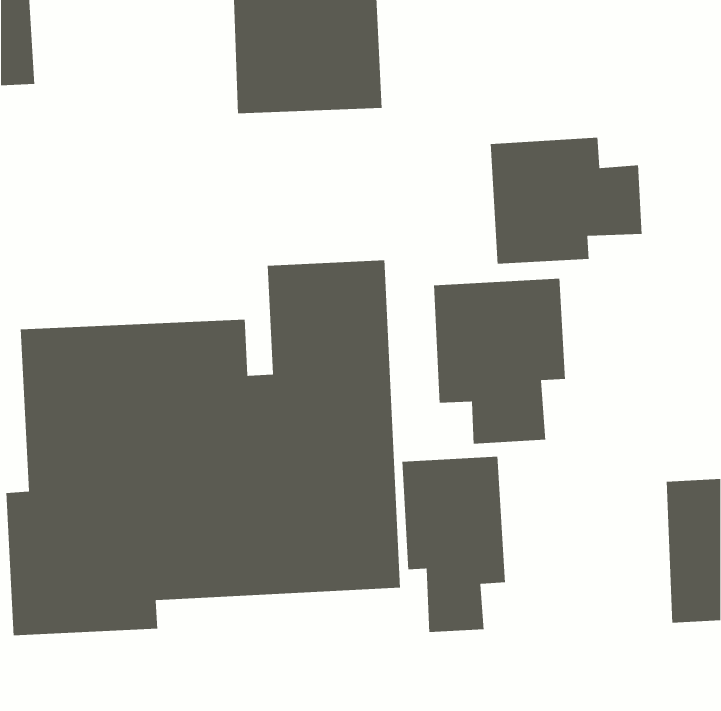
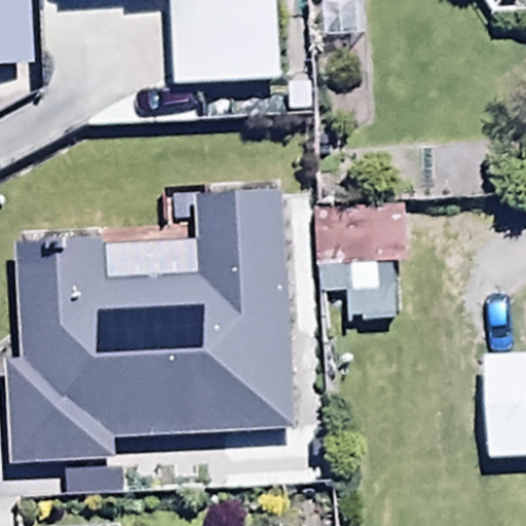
building: [490,137,643,265] -> none
building: [402,456,506,633] -> none

